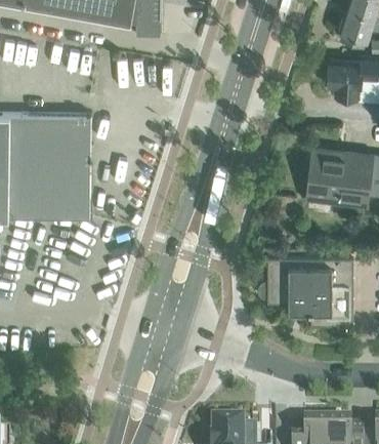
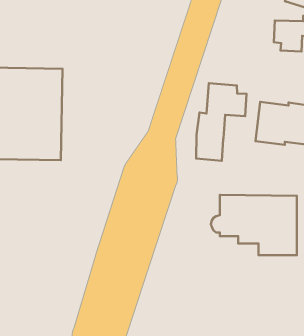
building: none -> [196,83,247,161]

